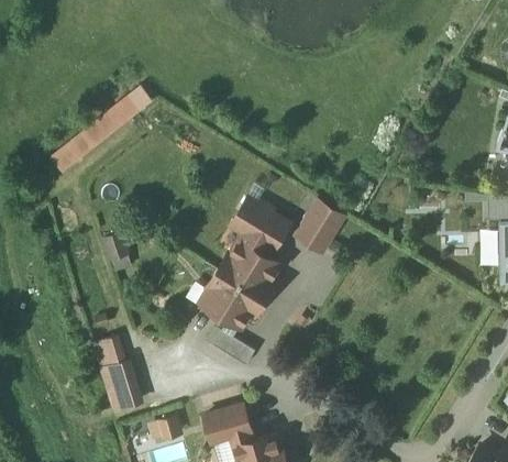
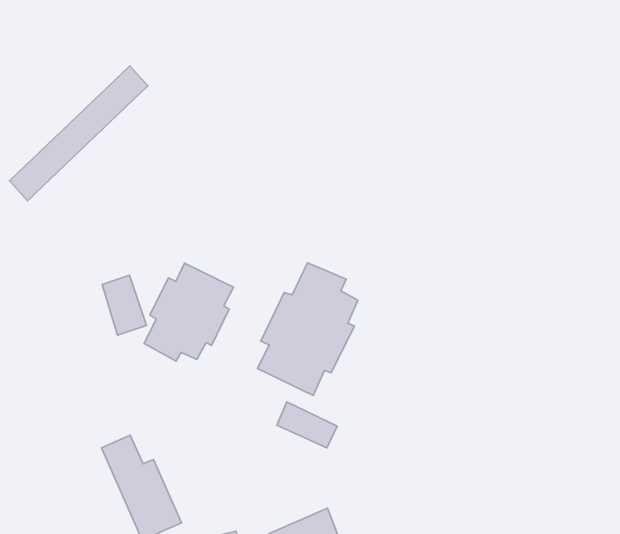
building: [234,198,291,249] -> none
building: [300,200,345,250] -> none
building: none -> [144,263,234,361]

